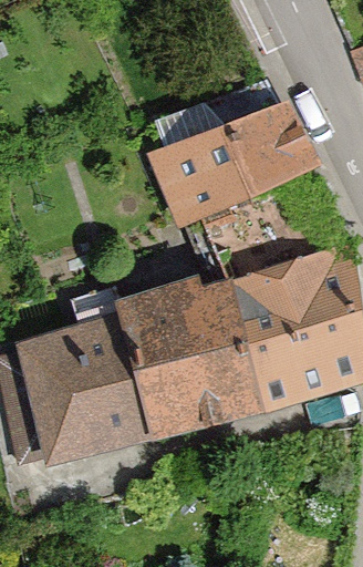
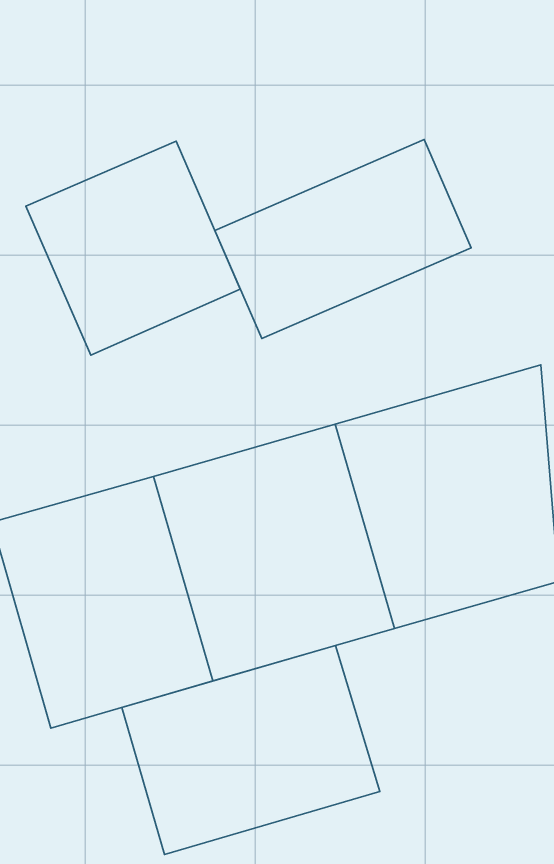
building: none -> [26,141,240,355]
building: none -> [122,646,380,855]

